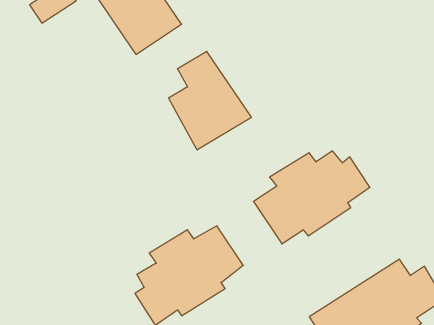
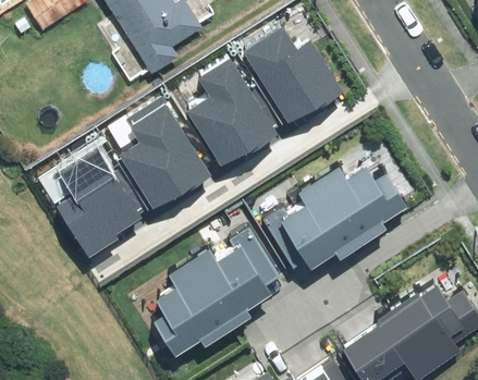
building: none -> [241,26,340,124]
building: none -> [119,106,208,209]
building: none -> [58,146,144,256]

